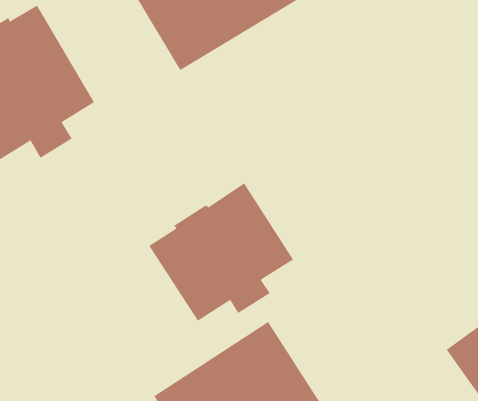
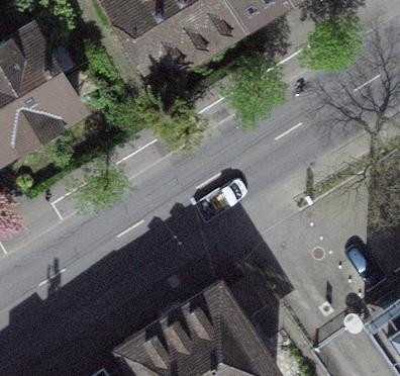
building: [149,183,294,321] -> none

